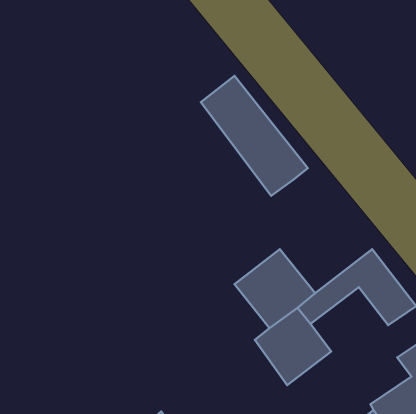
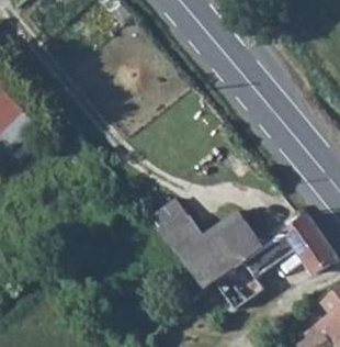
building: [201,76,308,196] -> [148,203,228,293]

